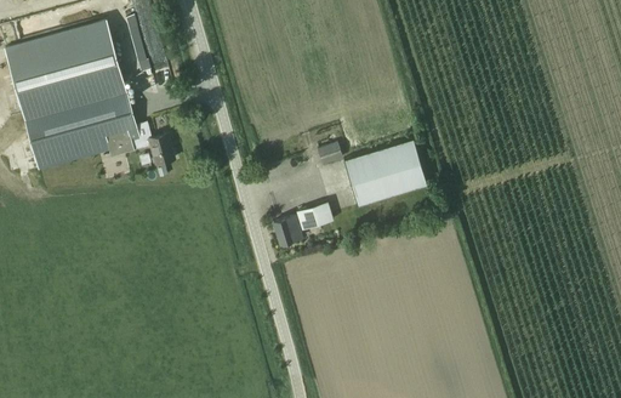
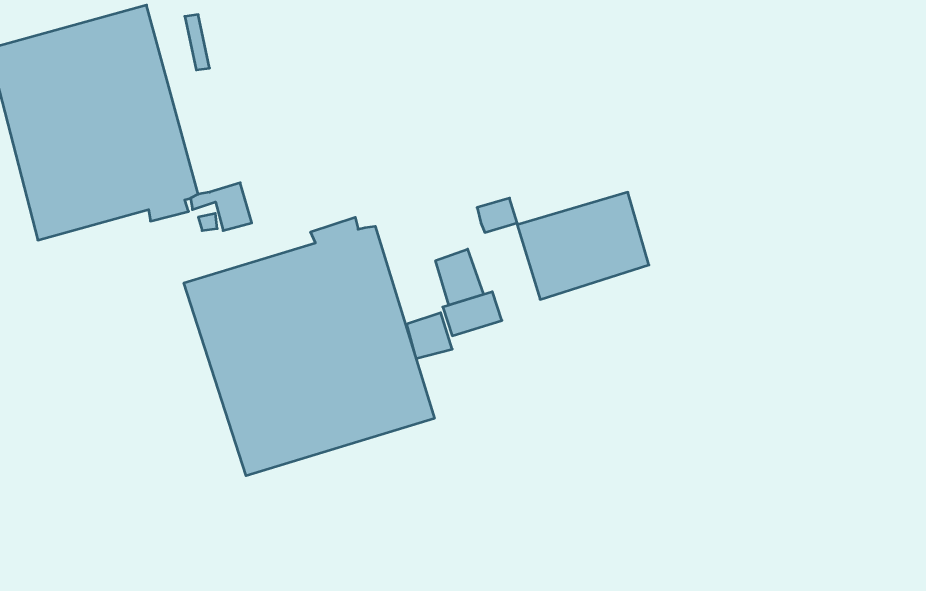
building: none -> [184,217,434,476]
building: none -> [436,249,483,305]

